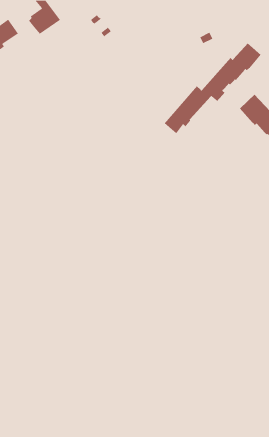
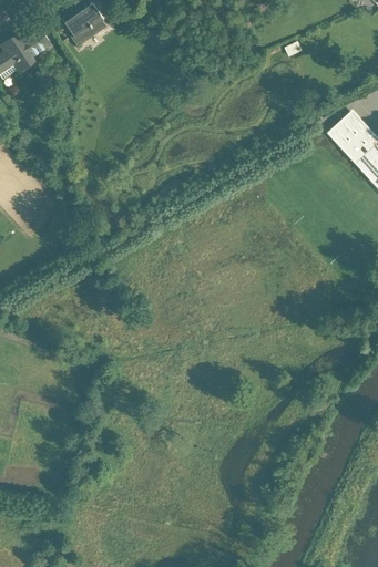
building: [164,42,261,134] -> none

